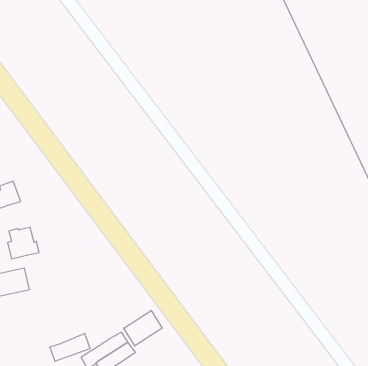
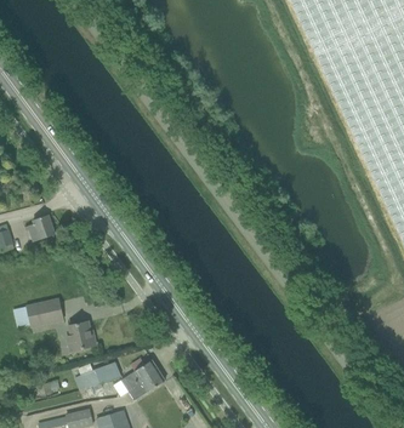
building: [8,227,39,259] -> [67,321,97,352]
building: [124,310,162,346] -> none

